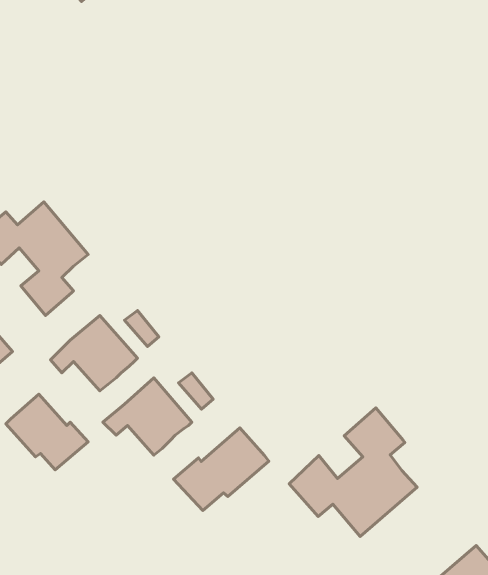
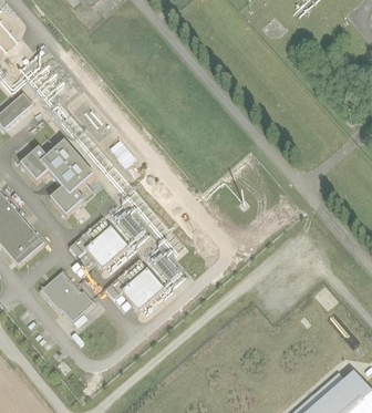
building: [289,408,417,537] -> none
building: [174,428,269,511] -> none

